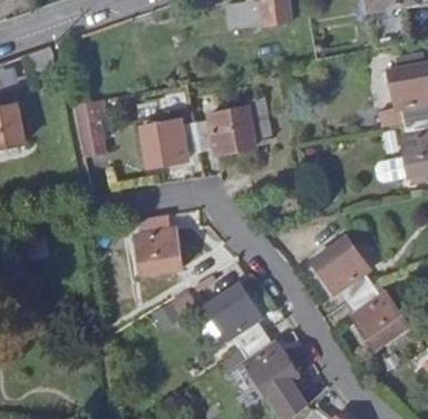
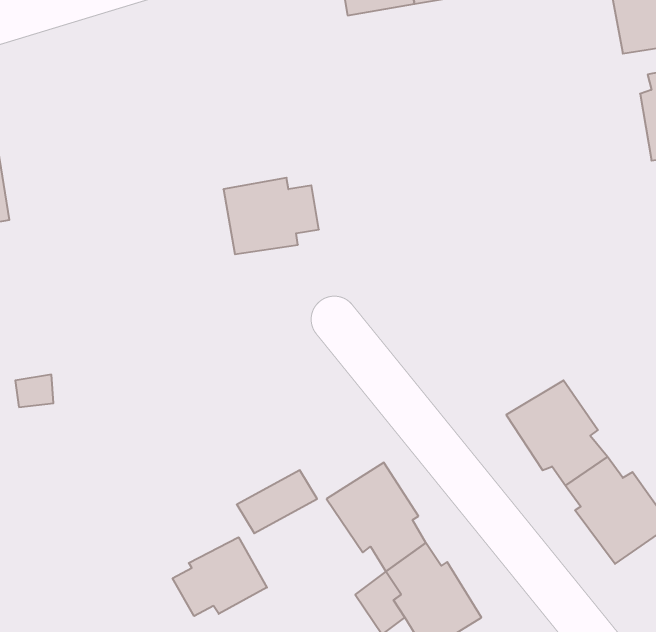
building: [74,96,105,154] -> none
building: [197,96,272,153] -> none
building: [138,216,184,274] -> none
building: none -> [173,537,267,616]

